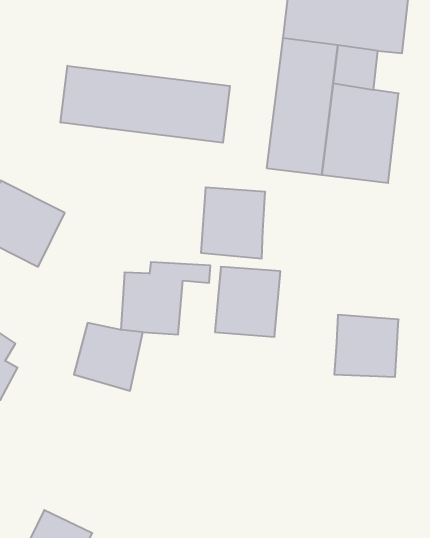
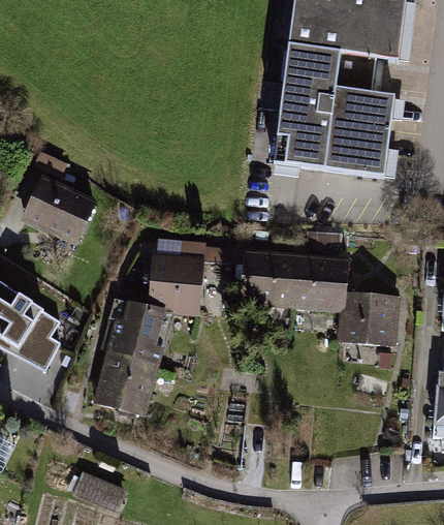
building: [61,66,230,143] -> none
building: [201,187,265,259] -> [288,252,346,316]
building: none -> [92,345,157,419]

